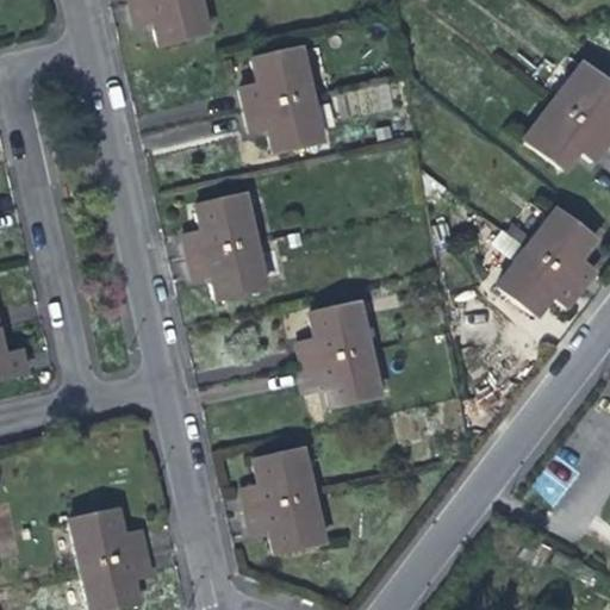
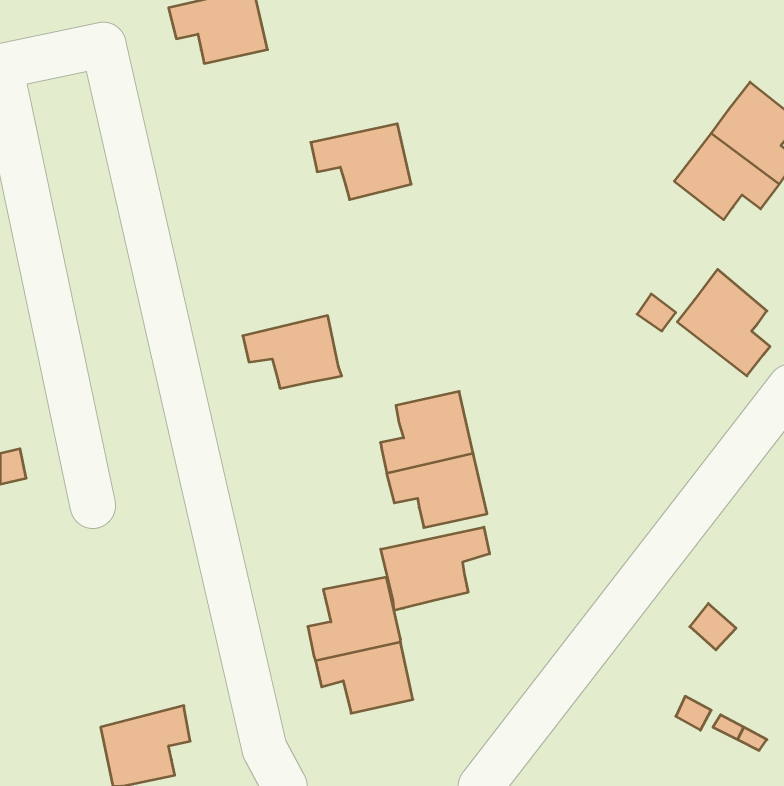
building: [238,49,311,110] -> none
building: [186,195,257,259] -> none
building: [498,248,580,315] -> none
building: none -> [381,527,490,610]
building: [73,505,147,560] -> none

